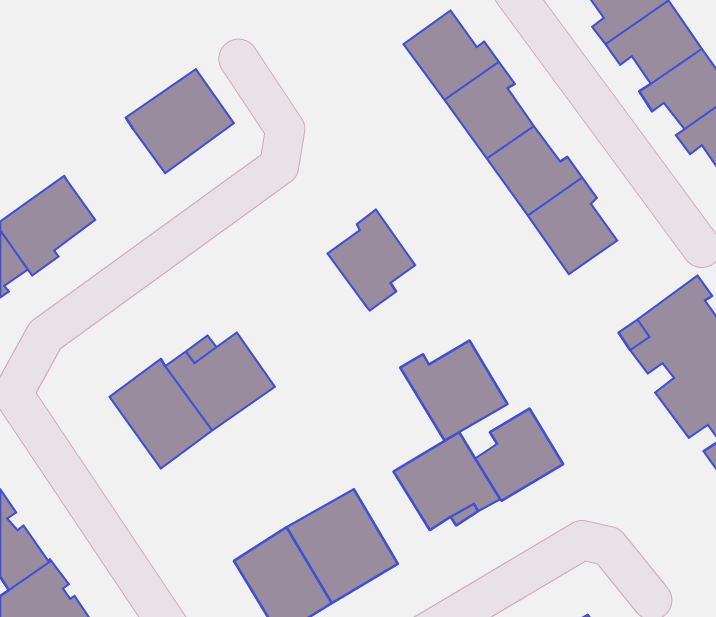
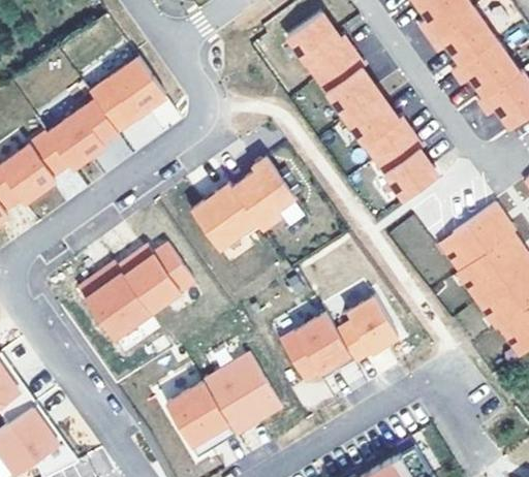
building: none -> [48,99,118,169]
building: none -> [192,183,260,248]
building: [400,340,507,440] -> none

